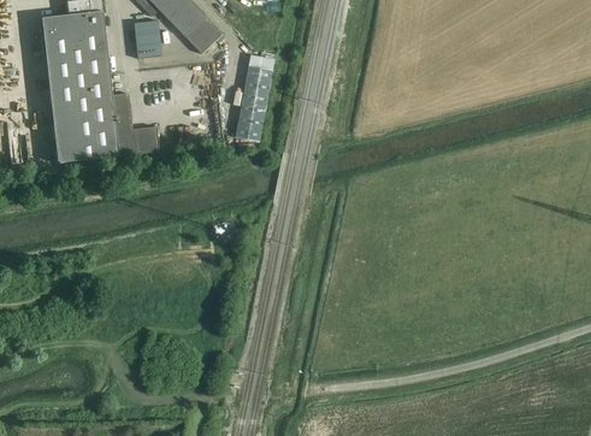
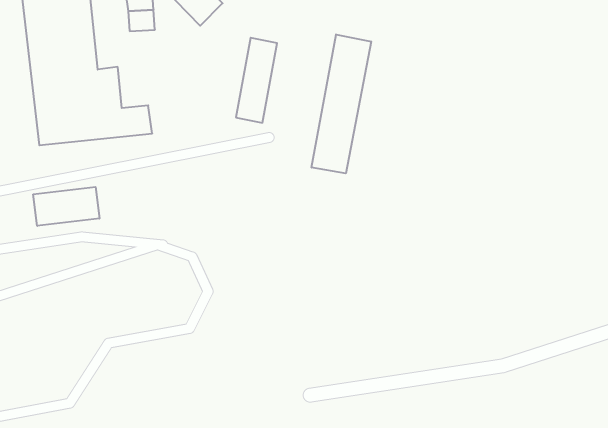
building: none -> [312,34,371,173]
building: none -> [33,187,99,226]

